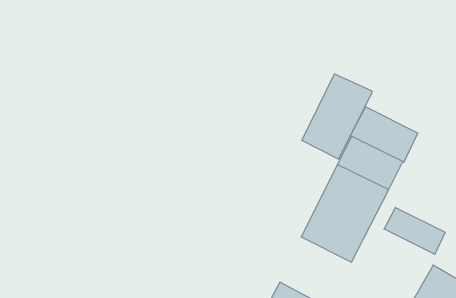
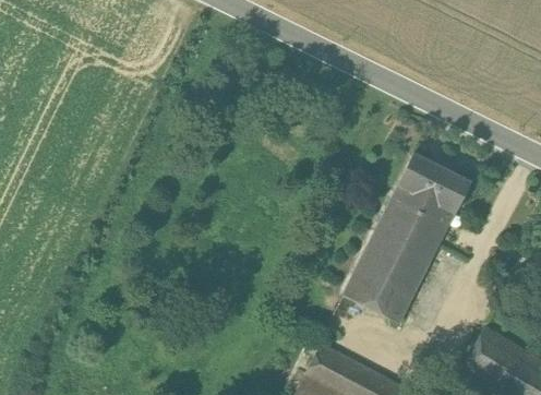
building: [302,74,372,159] -> none
building: [384,207,445,254] -> none

